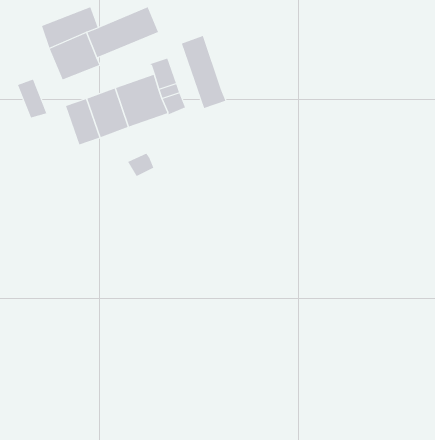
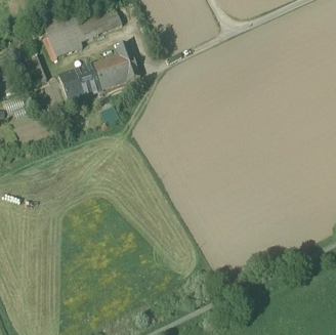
building: [181,35,226,109] -> none

